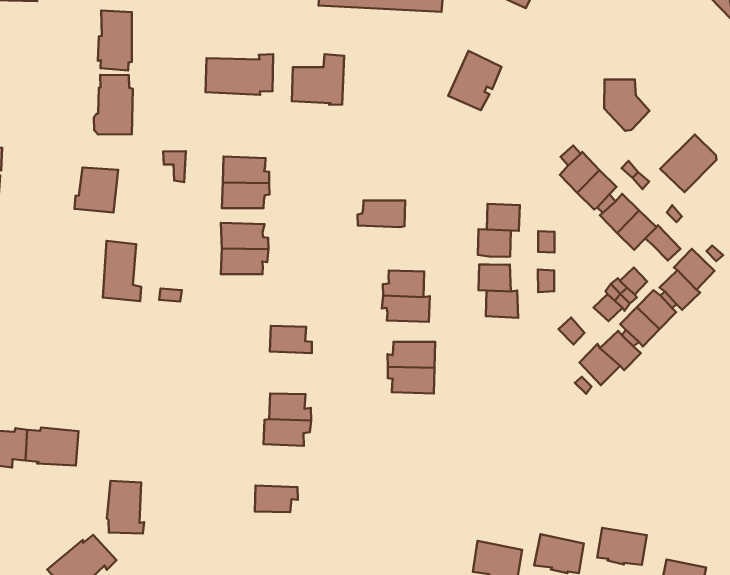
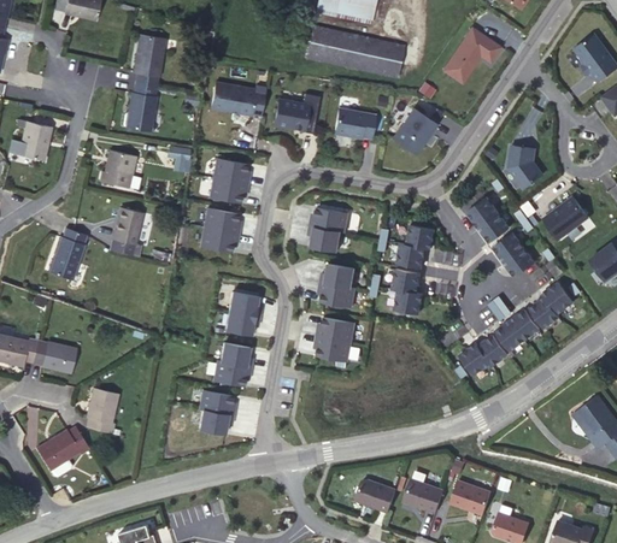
building: none -> [334,108,376,140]
building: none -> [307,226,341,250]
building: none -> [51,228,87,281]
building: none -> [222,311,260,335]
building: none -> [199,390,235,415]

